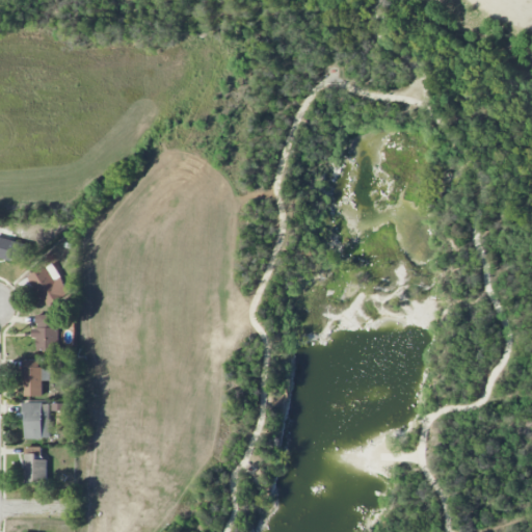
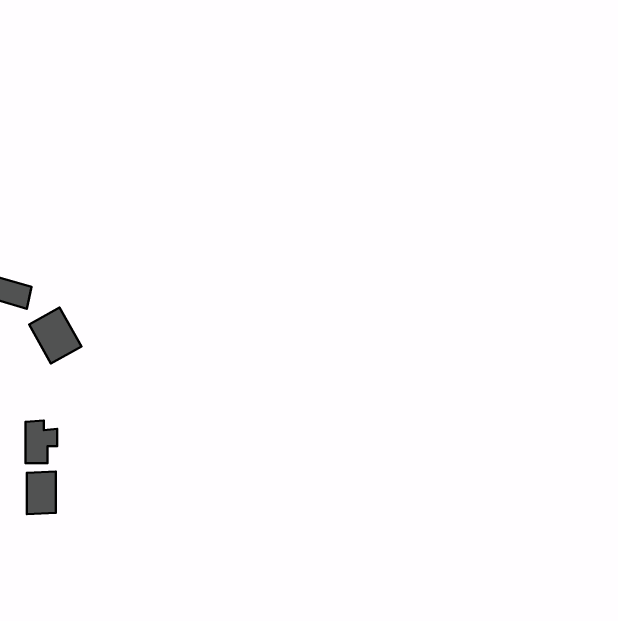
building: [31,315,62,351] -> none
building: [23,447,46,483] -> none

